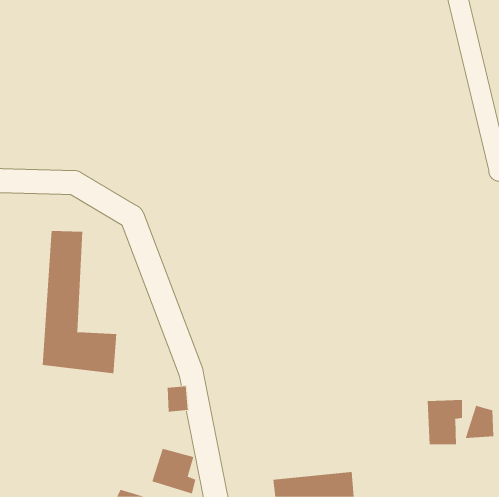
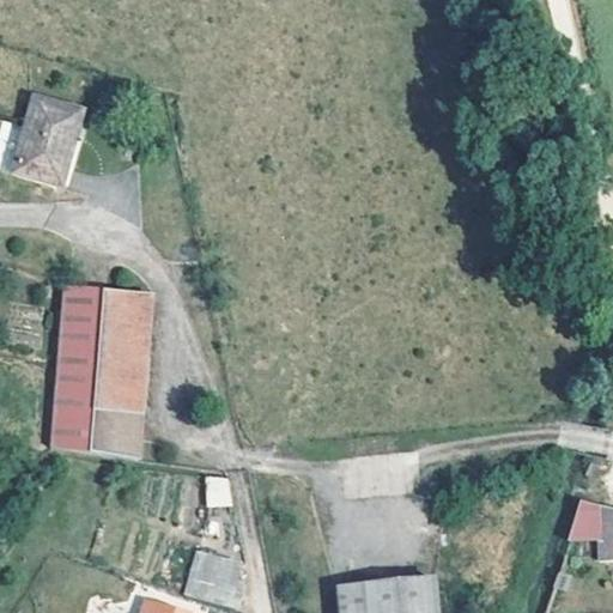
building: none -> [18,107,81,193]
building: none -> [96,284,150,409]
building: [427,399,463,445] -> none

